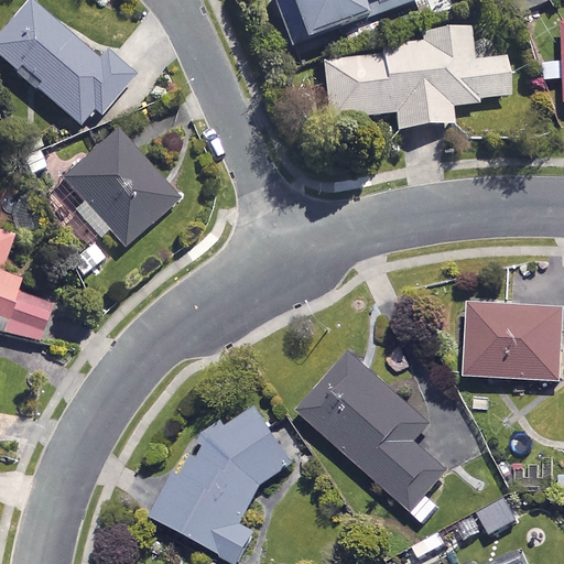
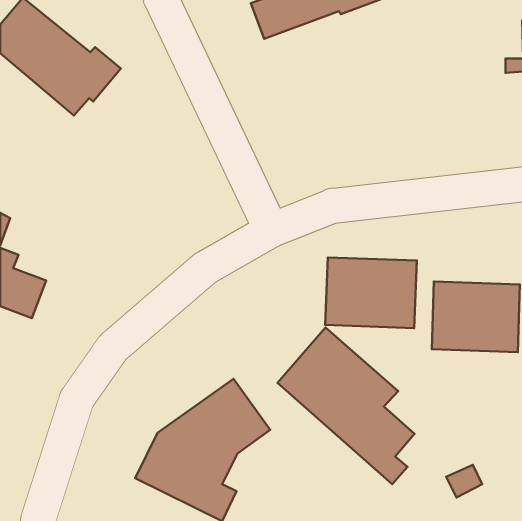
building: [321,24,509,127] -> none
building: [62,130,177,248] -> none
building: none -> [325,257,417,328]

